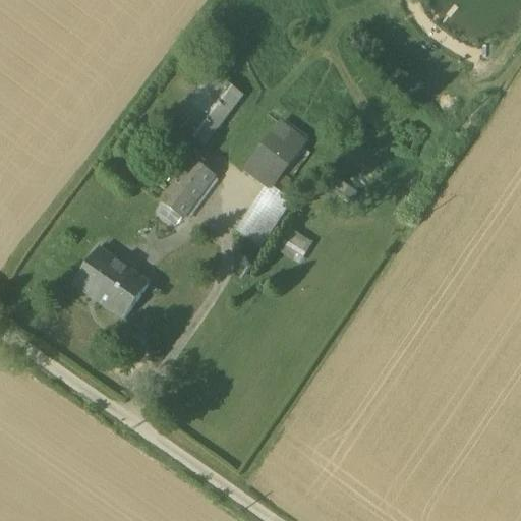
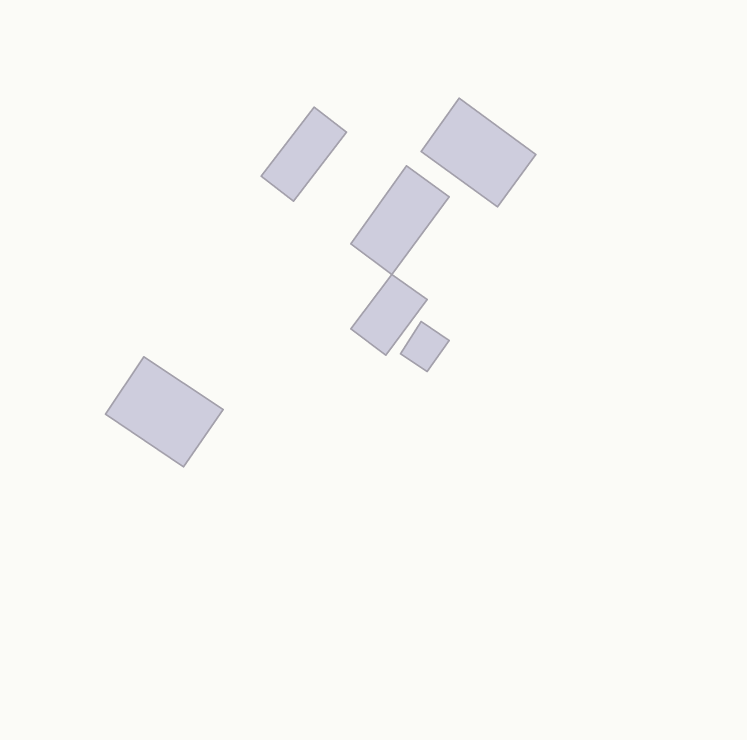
building: none -> [421,98,536,207]
building: [157,156,217,221] -> none

